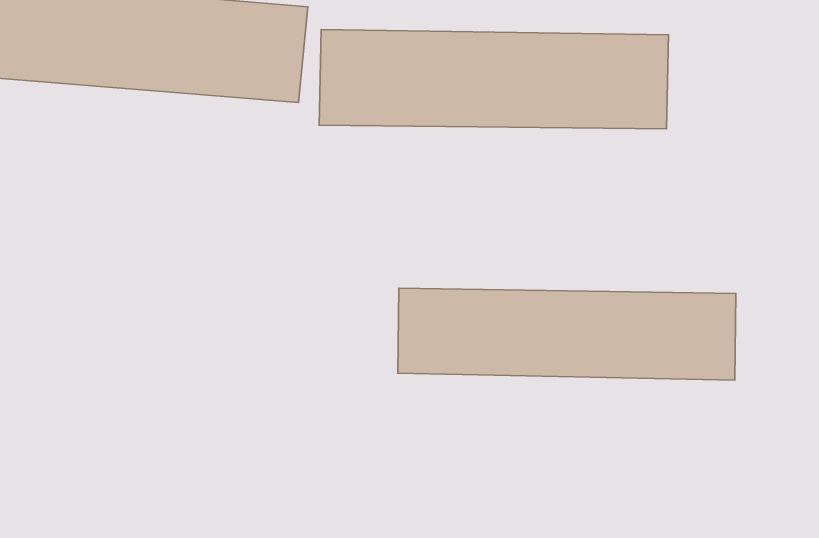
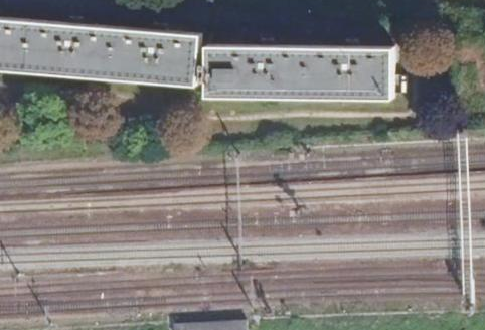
building: [398,288,736,380] -> none

